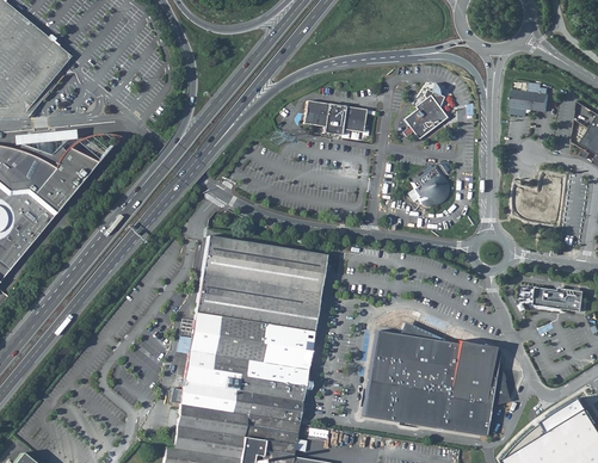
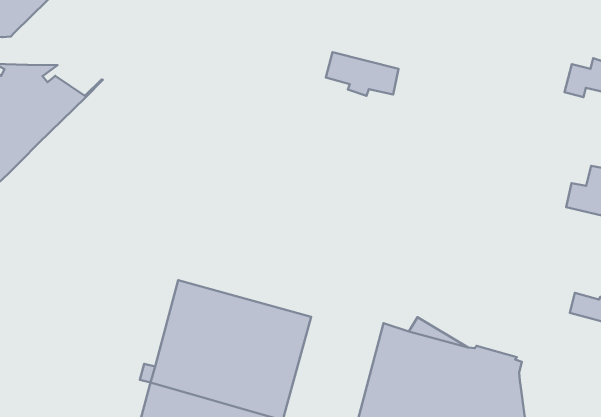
building: [403,84,448,140] -> none
building: [412,167,448,206] -> none
building: [195,236,326,332] -> none

